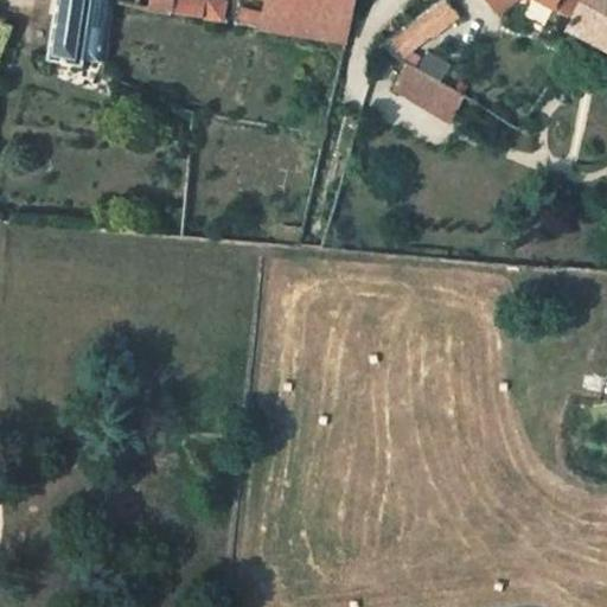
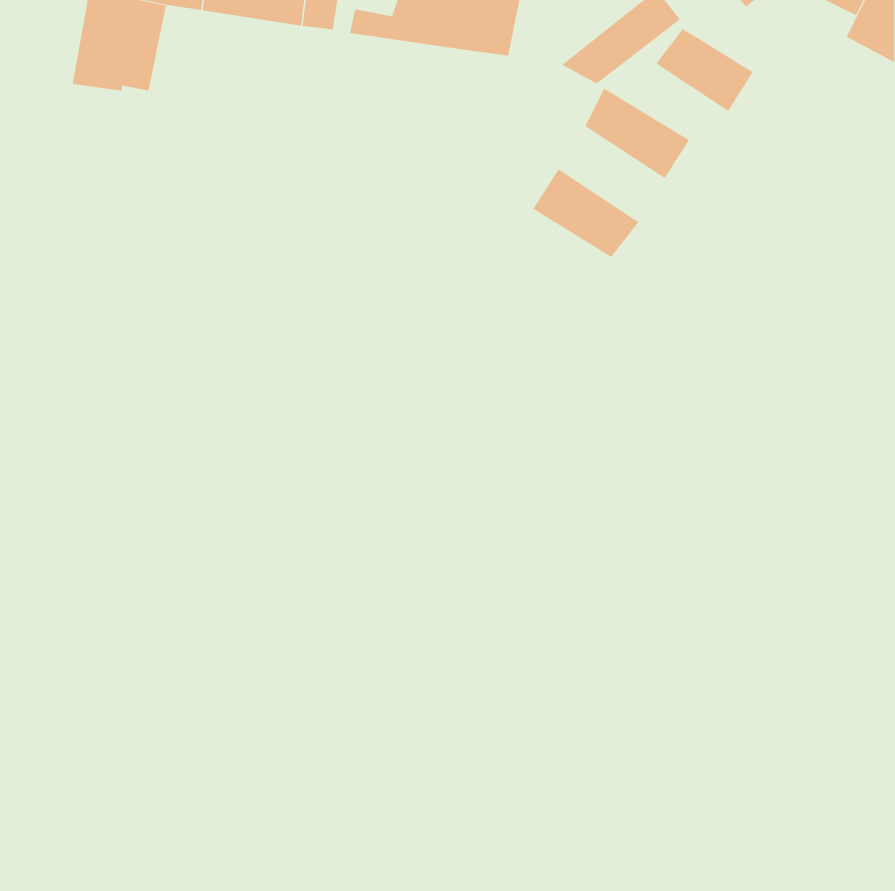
building: none -> [656,28,754,112]
building: none -> [532,168,639,258]

